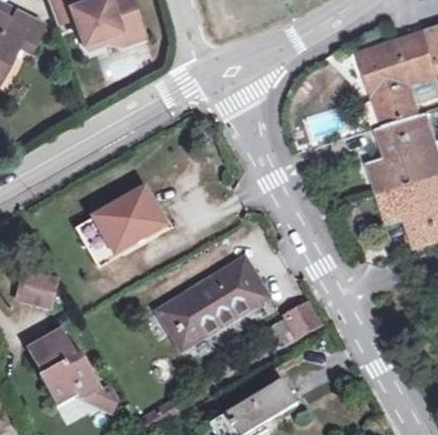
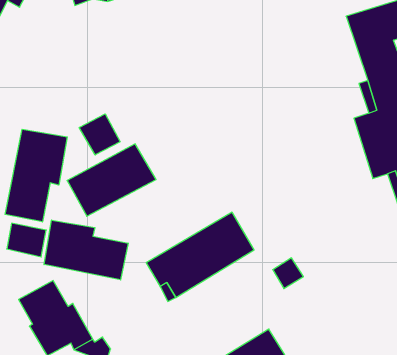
building: none -> [79,114,120,155]
building: none -> [5,129,67,222]
building: none -> [44,220,128,280]

